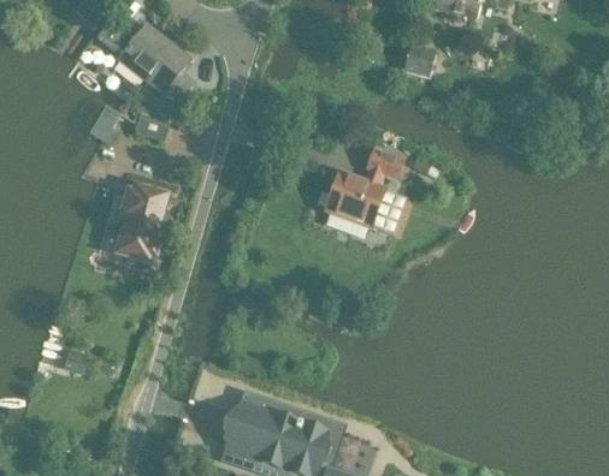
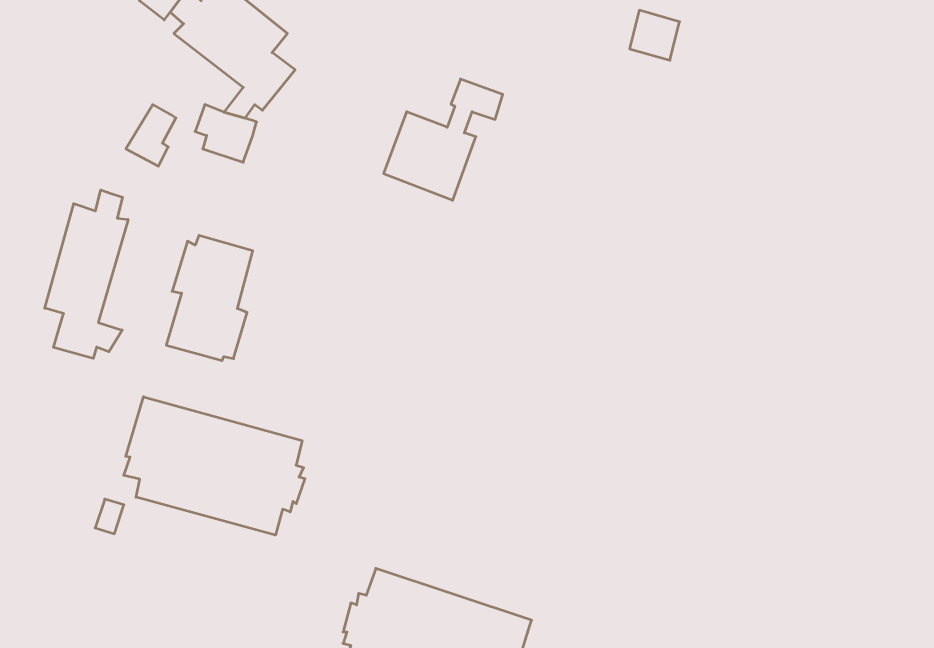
building: [326,150,401,226] -> [384,79,503,200]
building: none -> [45,190,128,358]
building: none -> [124,397,305,535]

